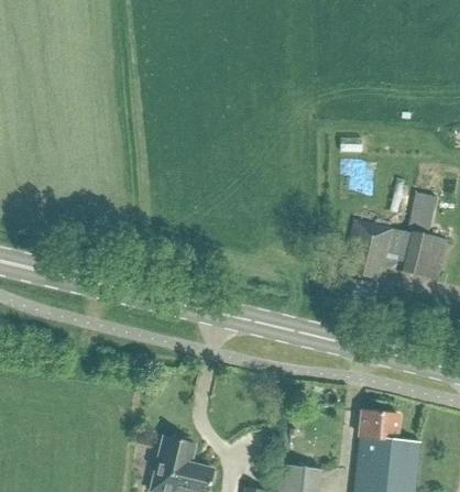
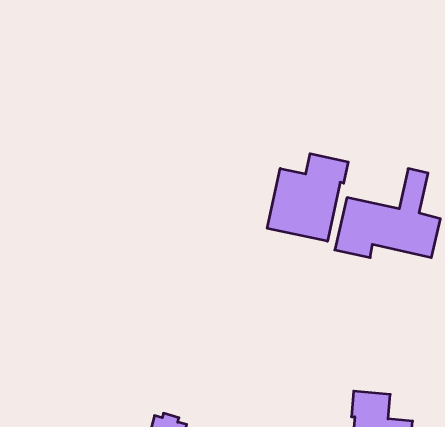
building: none -> [267,154,348,241]

